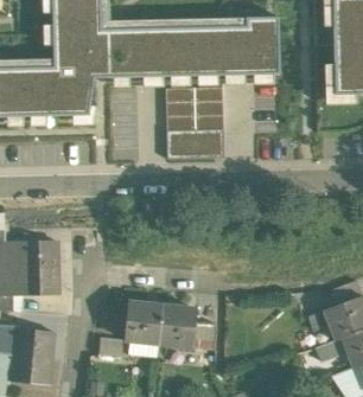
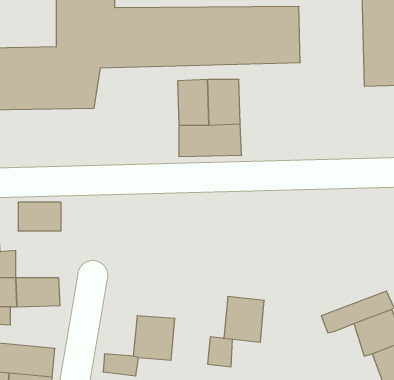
building: [18,242,57,268] -> [18,202,61,231]
building: [159,305,196,346] -> [224,297,264,342]

